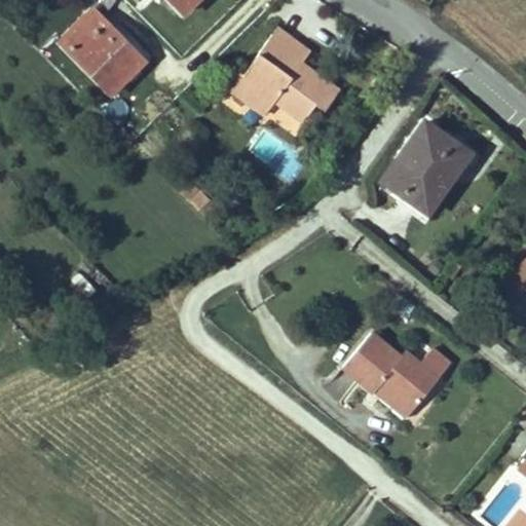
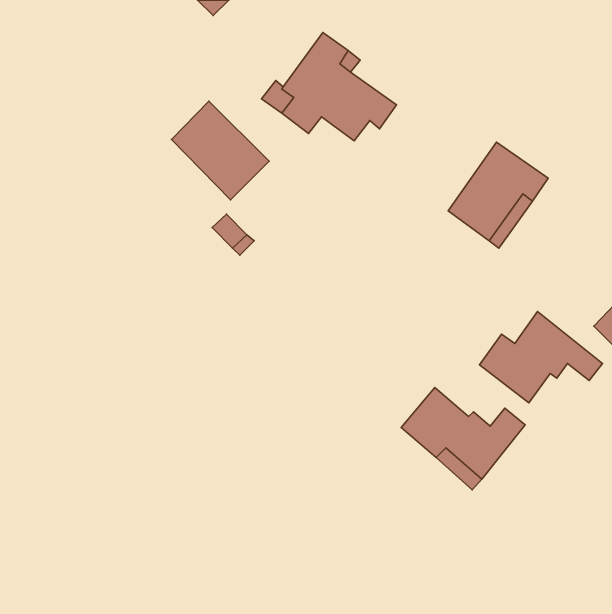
building: [63,10,146,95] -> [171,101,269,200]
building: none -> [479,312,602,403]

